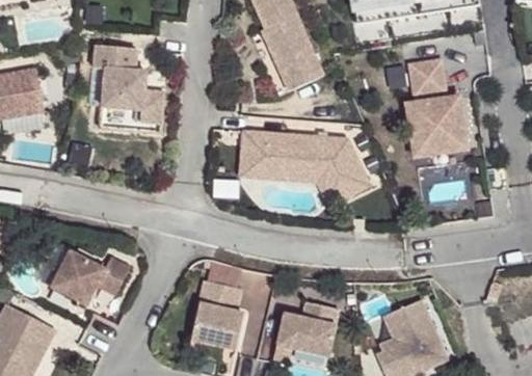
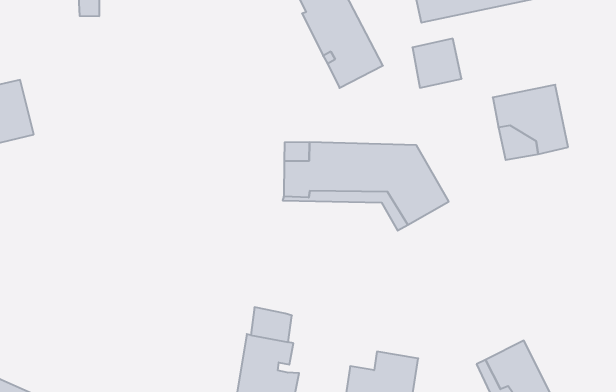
building: [91,45,162,123] -> none
building: [409,58,447,96] -> [412,39,462,88]
building: [50,249,129,304] -> none

